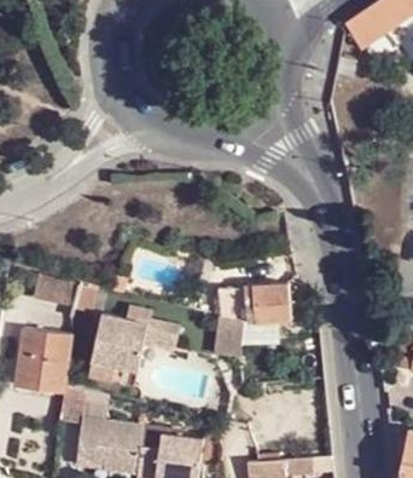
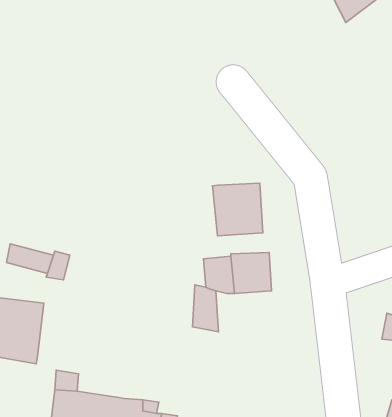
building: none -> [212,183,263,236]
building: [91,315,179,374] -> none

